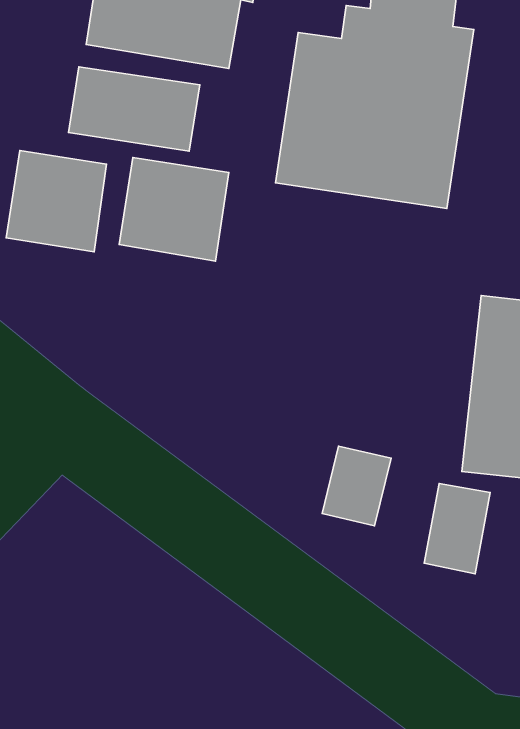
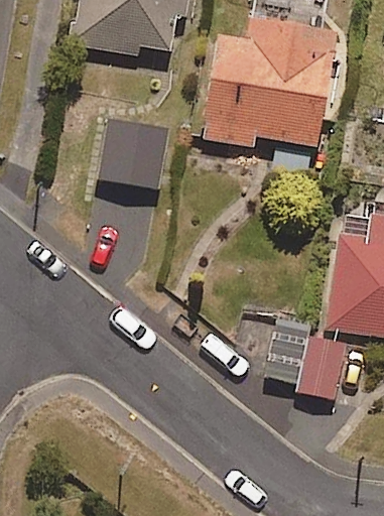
building: [69,67,200,151] -> none
building: [6,151,106,252] -> none

